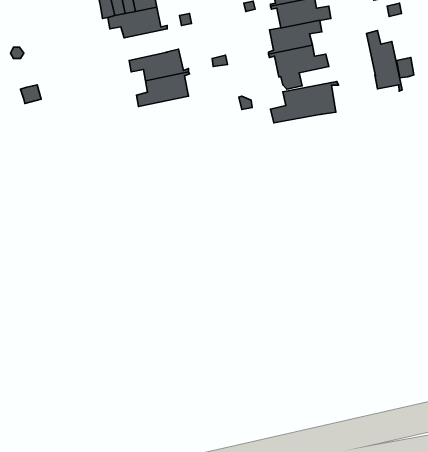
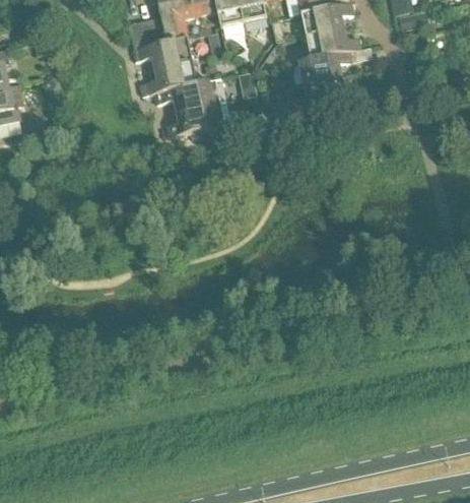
building: none -> [145,56,198,90]
building: [367,31,402,91] -> none
building: [271,82,338,123] -> none

